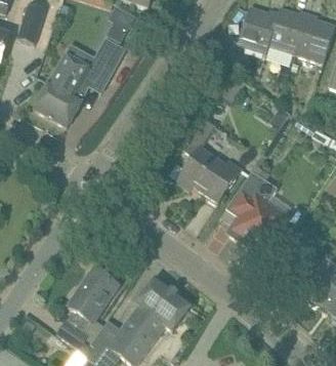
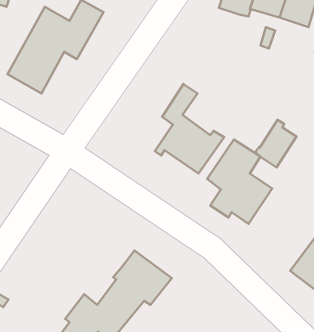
building: none -> [255,120,297,167]
building: [57,267,119,349] -> none

